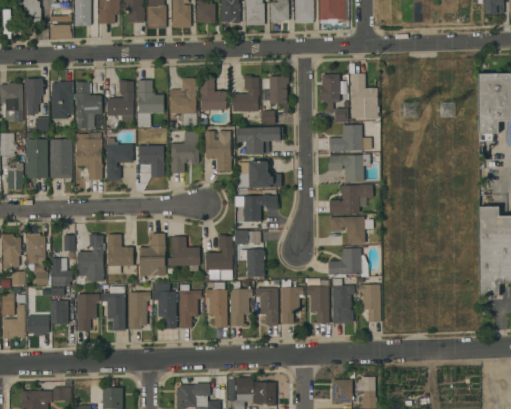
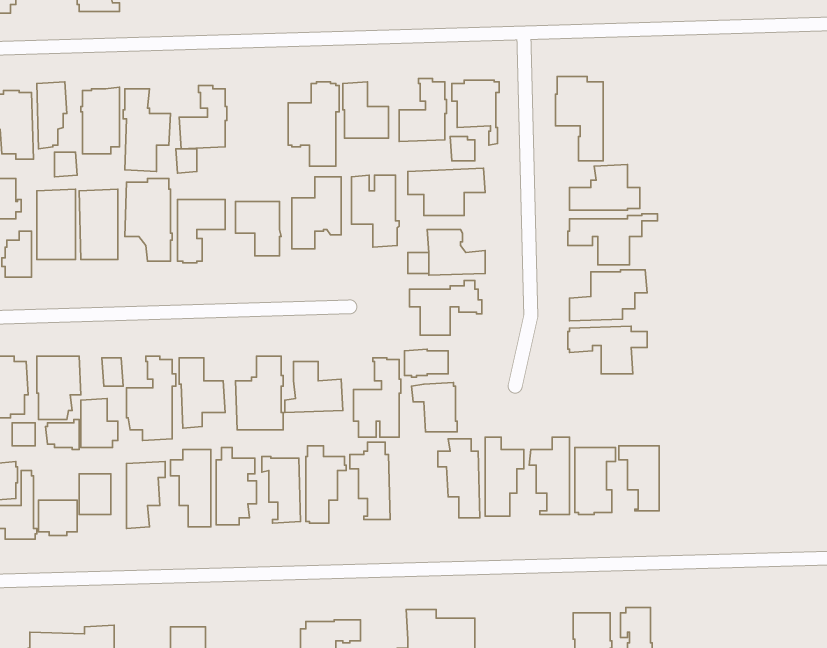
building: [351,73,379,118] -> none
building: [137,79,164,127] -> none
building: [328,247,368,277] -> none
building: [230,281,252,326] -> none

